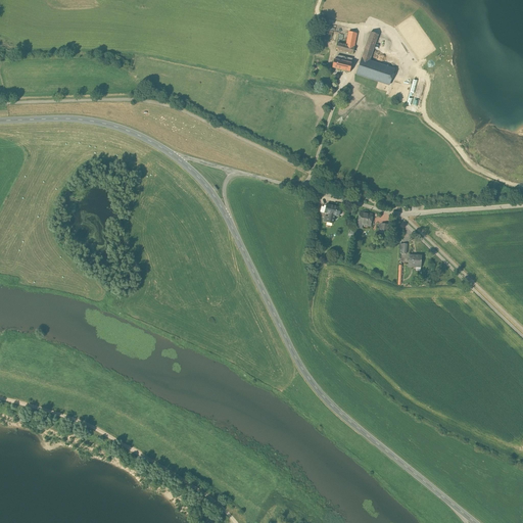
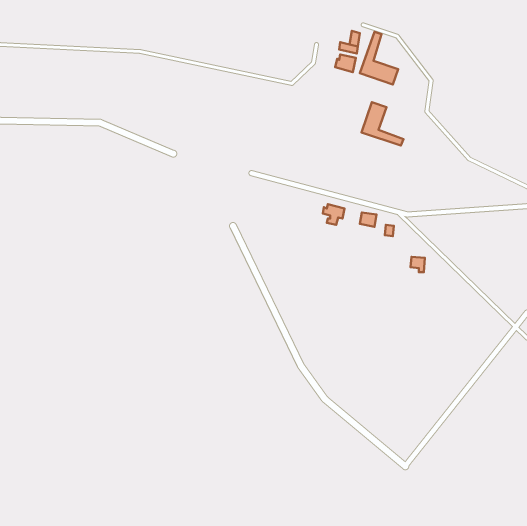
building: none -> [362,102,403,146]

